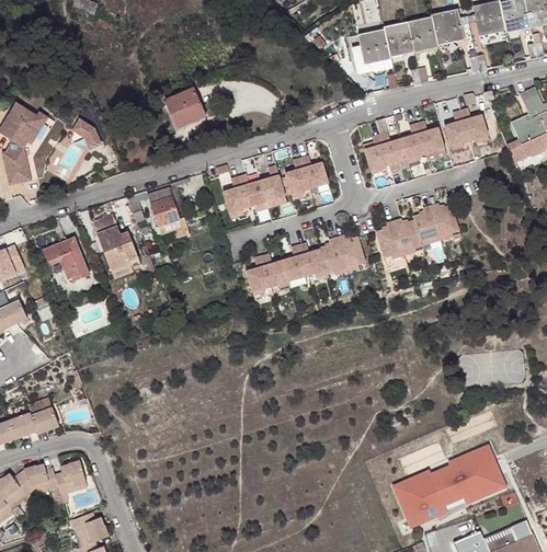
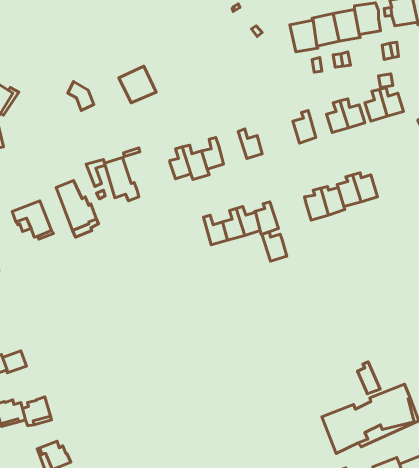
building: [73,117,103,150] -> [68,82,94,110]
building: [376,123,409,172] -> none
building: [284,159,309,195] -> none
building: [335,237,364,269] -> [262,232,287,261]
building: [244,256,269,294] -> none
building: none -> [357,362,380,394]

